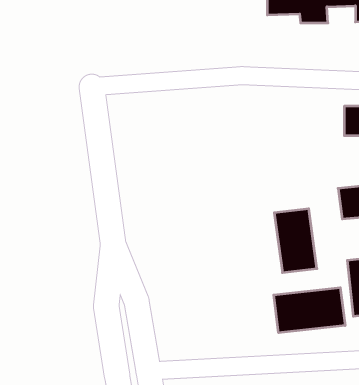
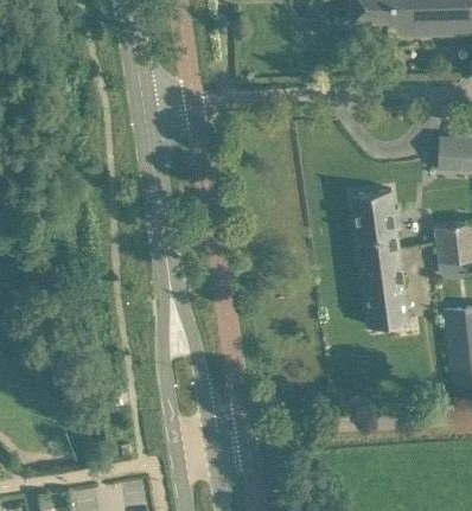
building: none -> [353,191,403,257]
building: [274,288,345,333] -> none

